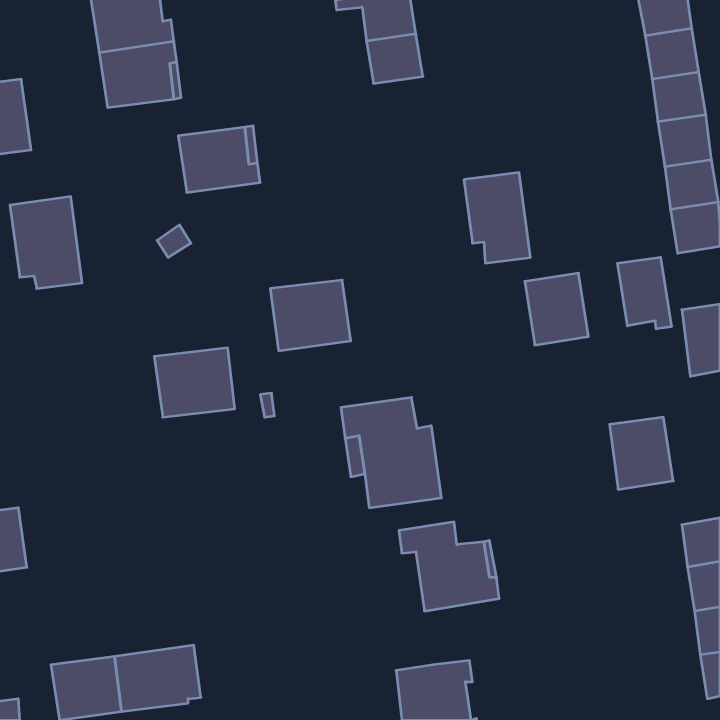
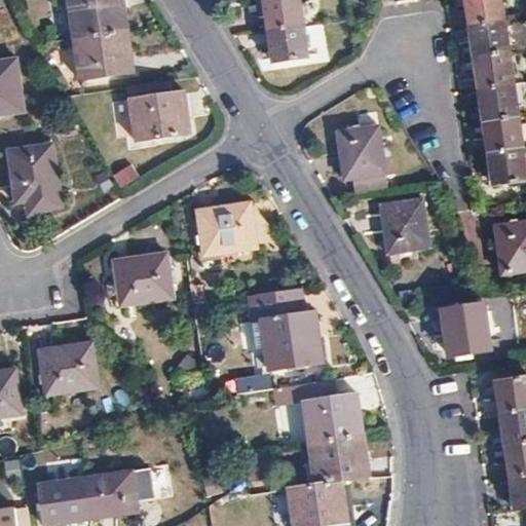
building: [617,257,671,329] -> none
building: none -> [39,342,98,392]
building: none -> [308,435,365,483]

